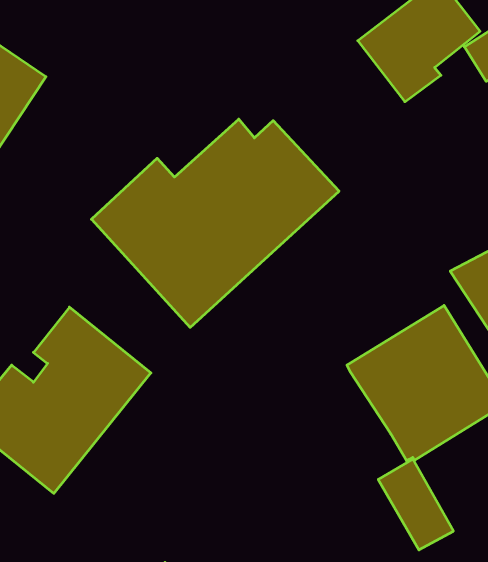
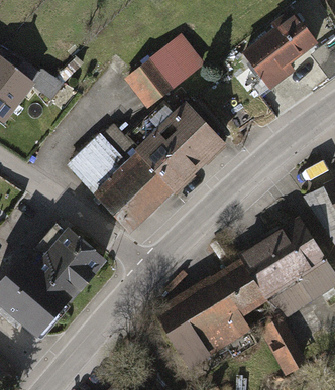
building: none -> [126,36,202,107]
building: none -> [151,261,264,370]

